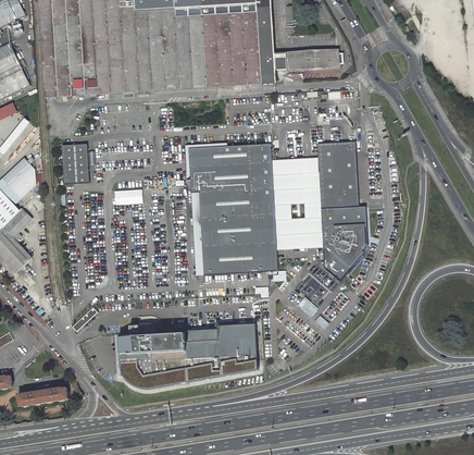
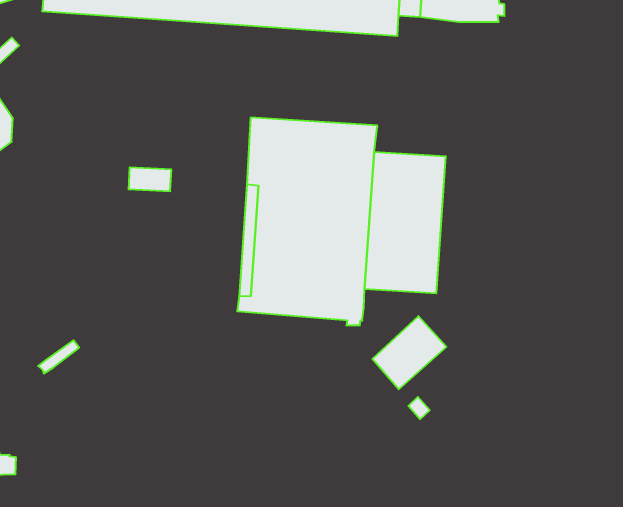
building: [317,140,367,280] -> none
building: [62,143,89,182] -> none
building: [119,322,258,388] -> none

